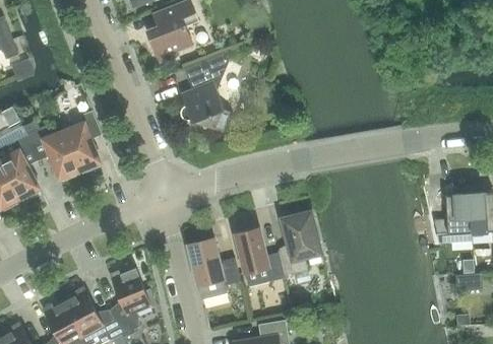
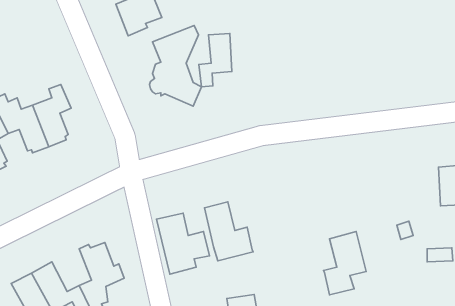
building: none -> [199,34,232,87]
building: [433,194,471,244] -> none
building: [276,213,319,276] -> [324,232,366,295]

